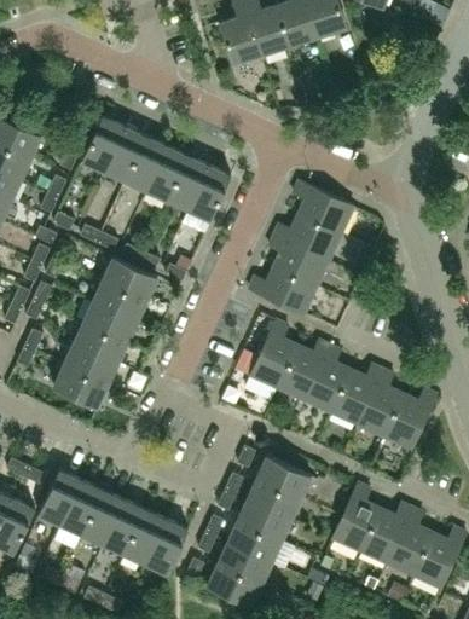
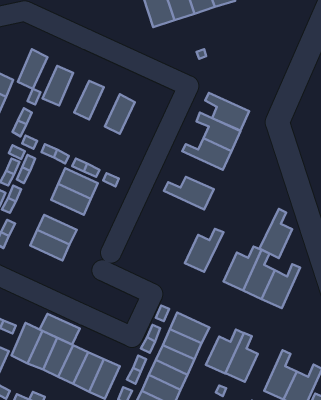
building: [104,126,145,180] -> [18,49,48,89]
building: [145,145,187,199] -> none
building: [187,166,230,220] -> none
building: [268,233,329,285] -> [205,93,249,131]
building: [83,300,138,341] -> none
building: [249,319,295,387] -> none
building: [303,345,348,412] -> [260,209,292,258]
building: [53,363,109,405] -> [39,314,80,344]
building: [359,502,411,562] -> [206,330,244,374]

